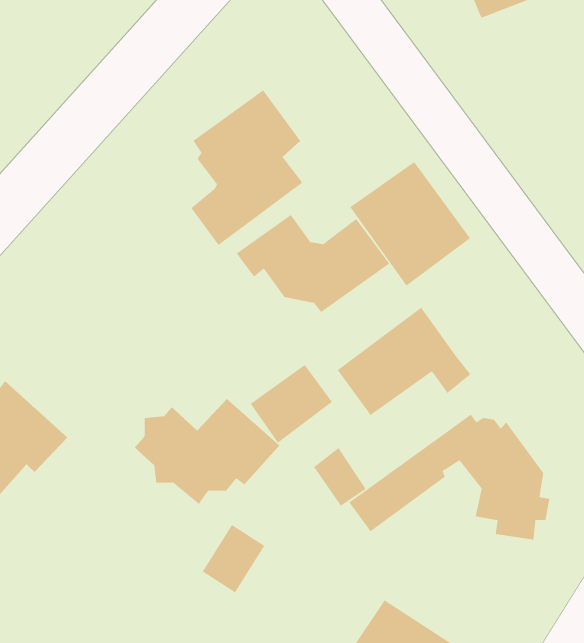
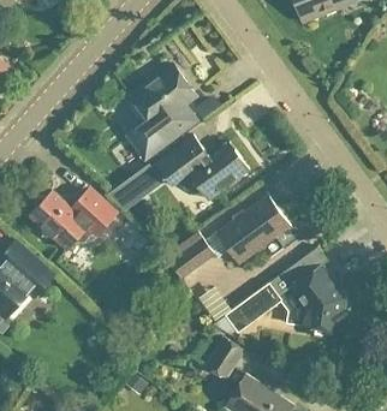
building: [350,161,471,286] -> none
building: none -> [114,163,168,210]
building: [134,398,280,505] -> [28,185,117,250]
building: [202,524,265,593] -> [204,336,243,379]

